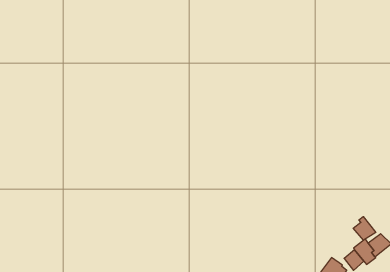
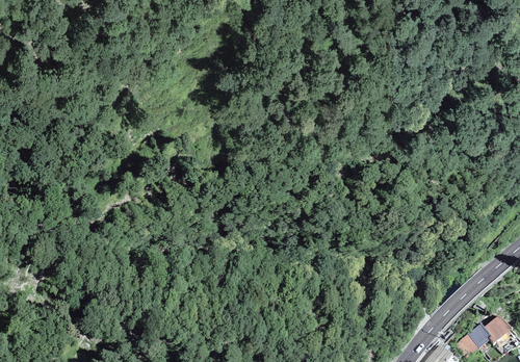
building: [353,217,376,240] -> none

